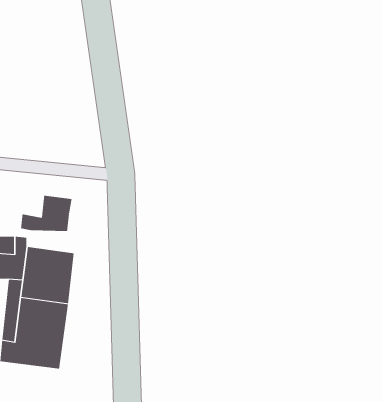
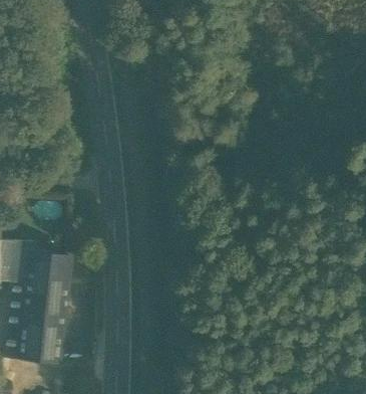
building: [21,195,72,232] -> none

